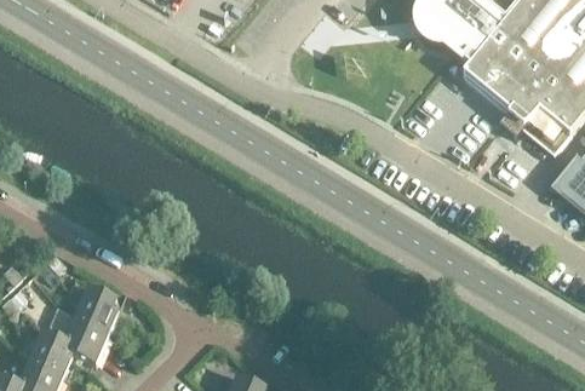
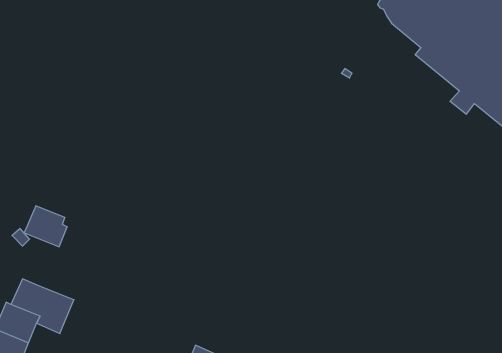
building: [74,286,119,328] -> [24,206,67,247]

